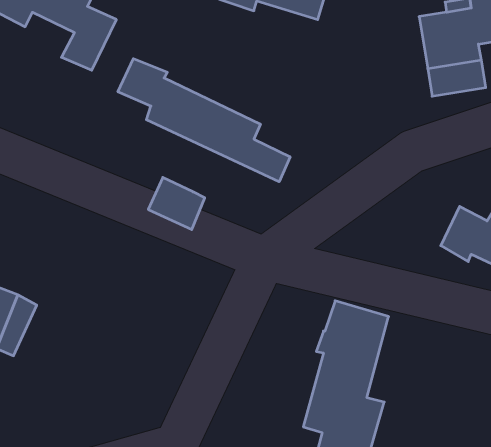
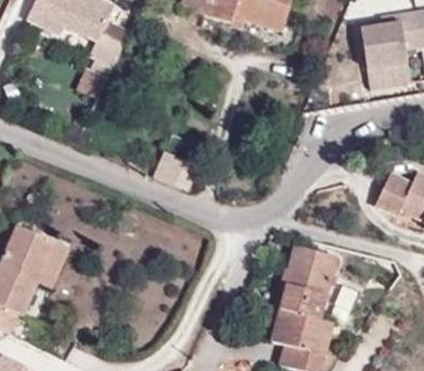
building: [118,59,290,182] -> none

